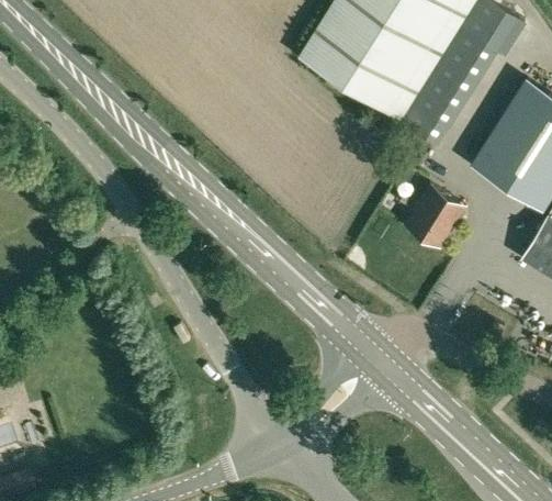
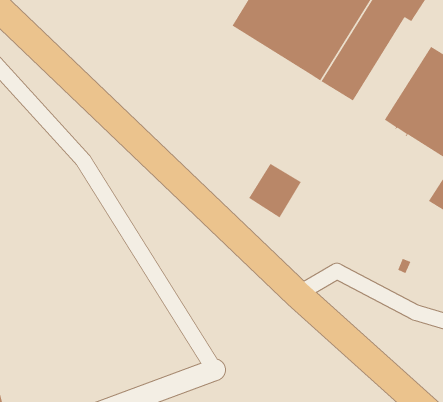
building: [405,186,466,249] -> [248,163,302,218]

